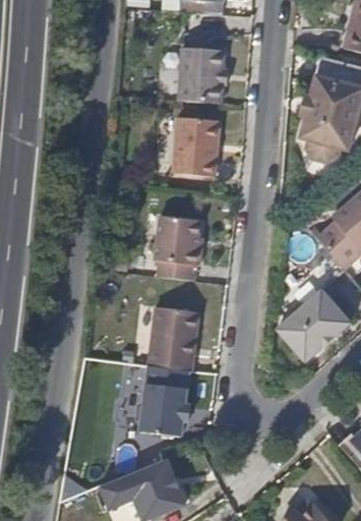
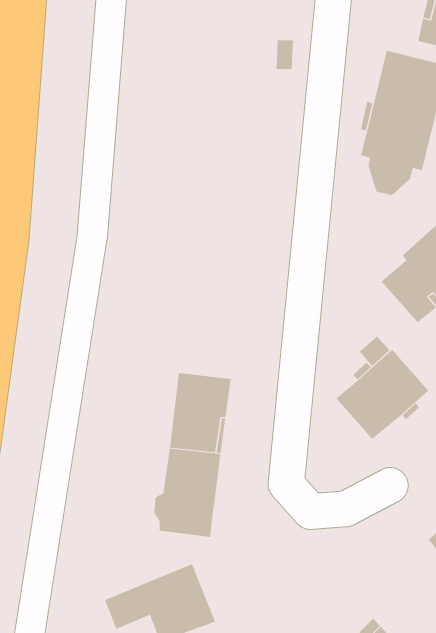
building: [178,49,223,105] -> none
building: [175,118,218,177] -> none
building: [153,218,199,269] -> none

